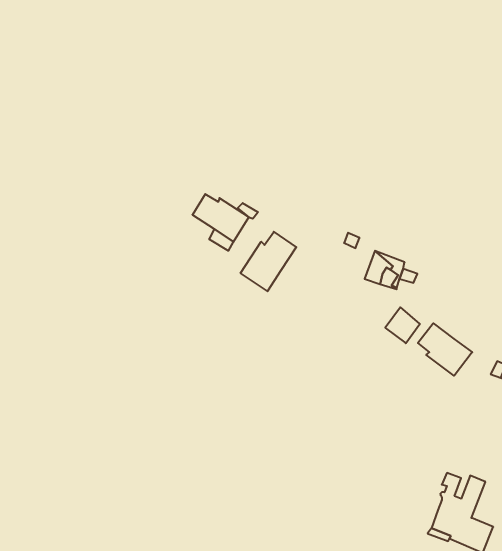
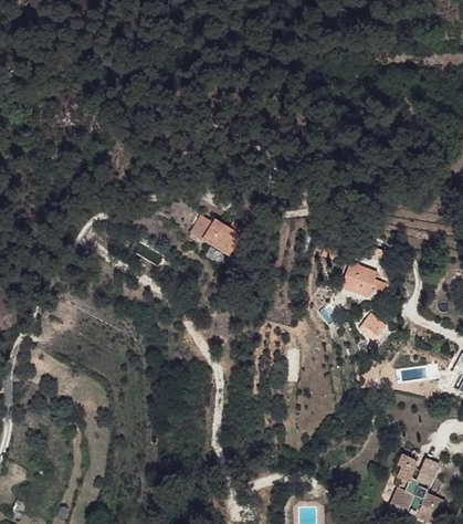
building: [241,232,296,291] -> none
building: [418,323,472,376] -> none

